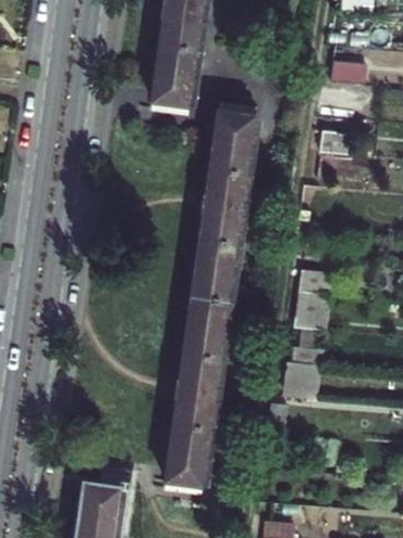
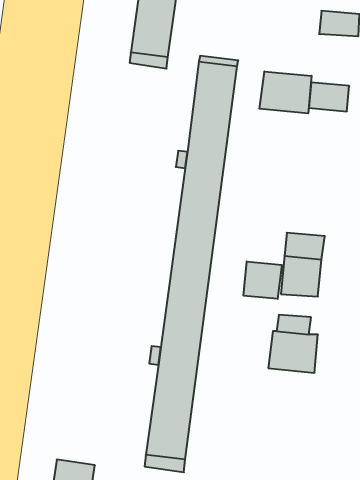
building: none -> [259,71,312,113]
building: none -> [244,261,282,299]

